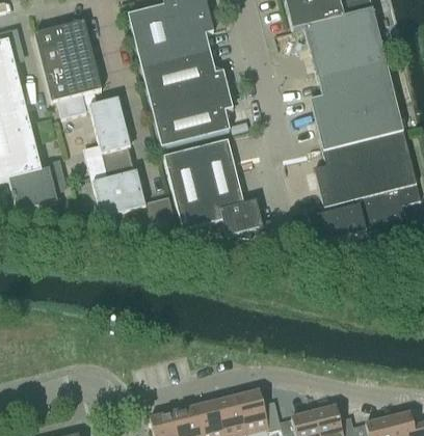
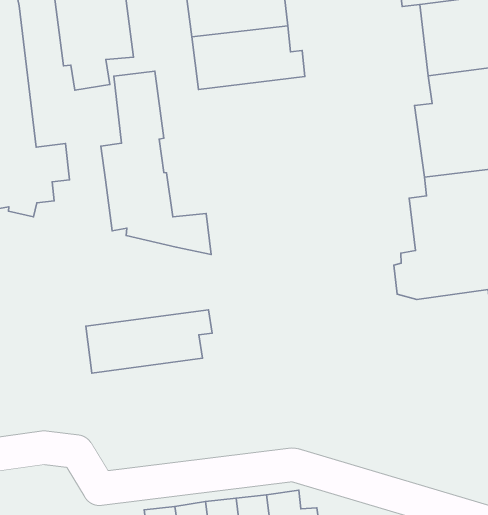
building: [152,88,233,146] -> none
building: [163,138,263,237] -> none
building: none -> [86,310,212,373]

